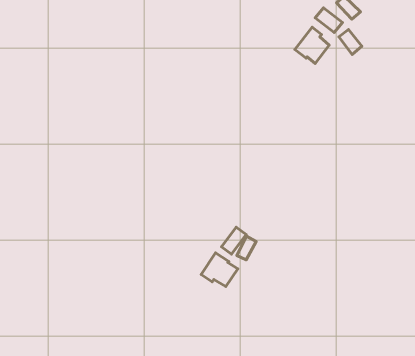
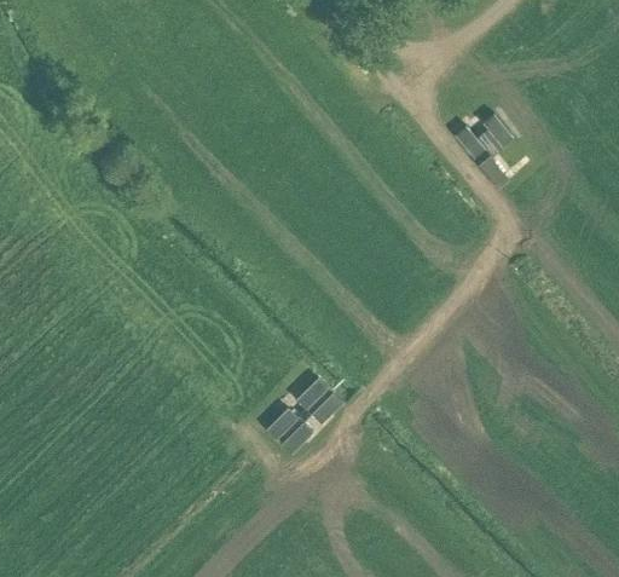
building: [295,27,329,63] -> none

